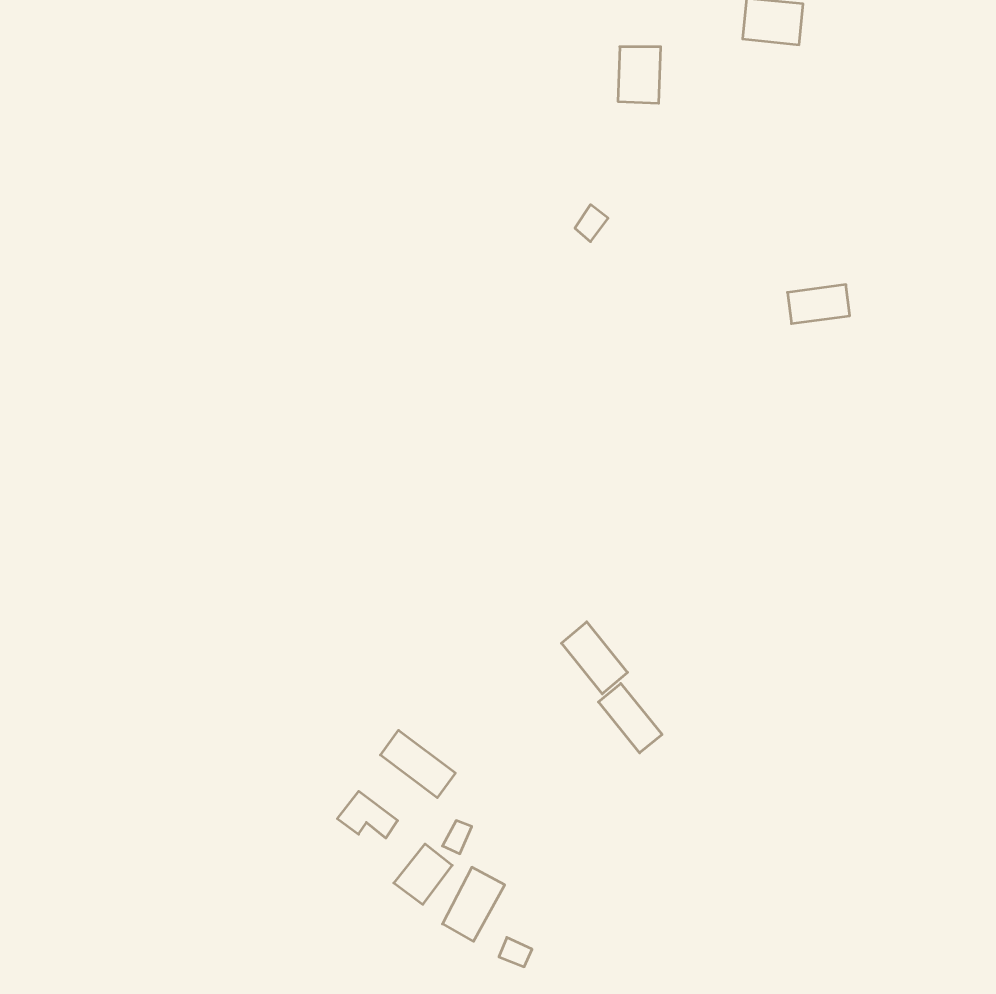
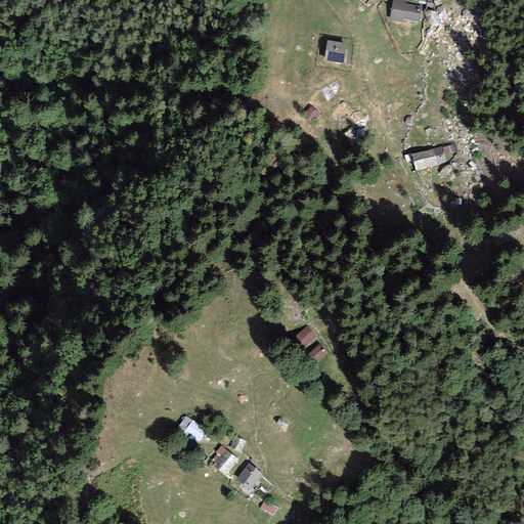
building: [598,683,662,753] -> none
building: [380,730,455,798] -> none

